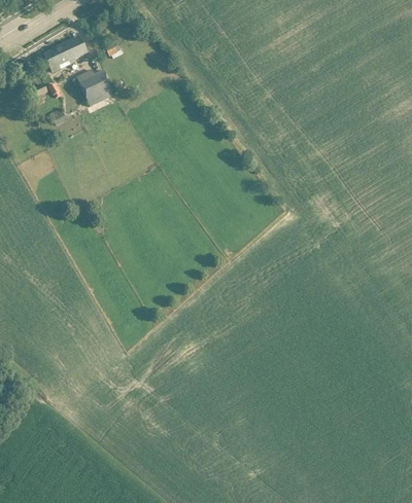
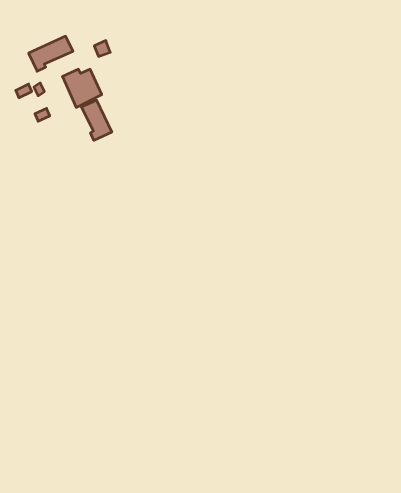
building: none -> [82,100,112,140]

